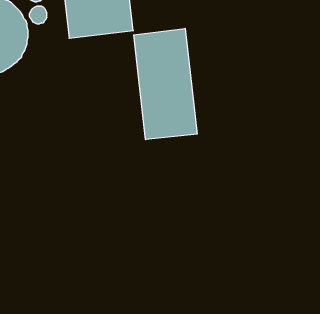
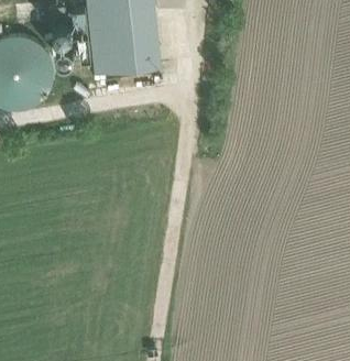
building: [134,28,197,140] -> none

